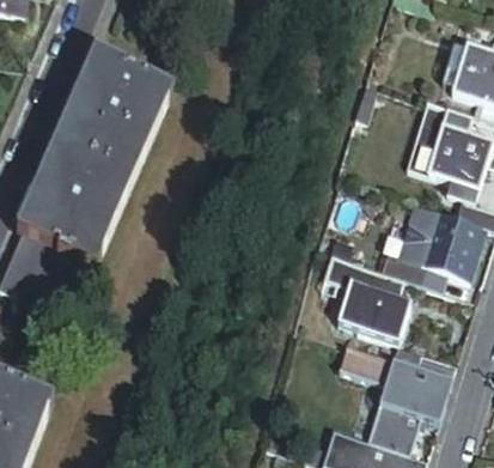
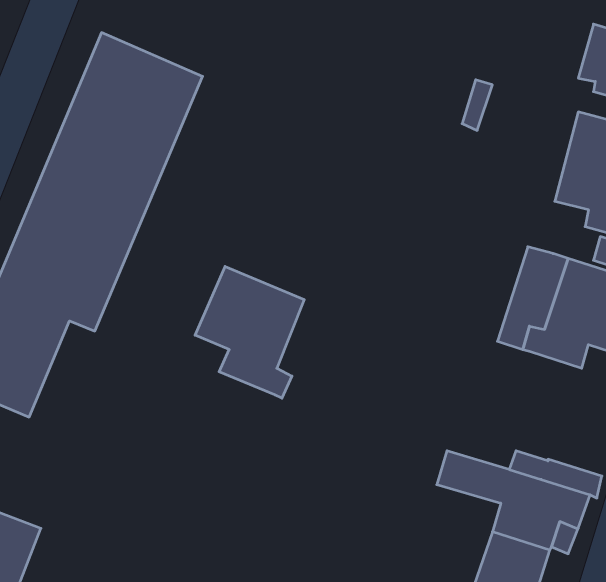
building: none -> [195,266,304,398]
building: [323,255,410,344] -> none

